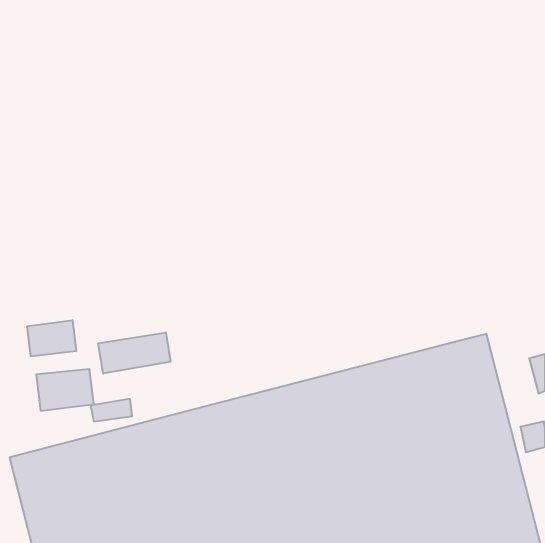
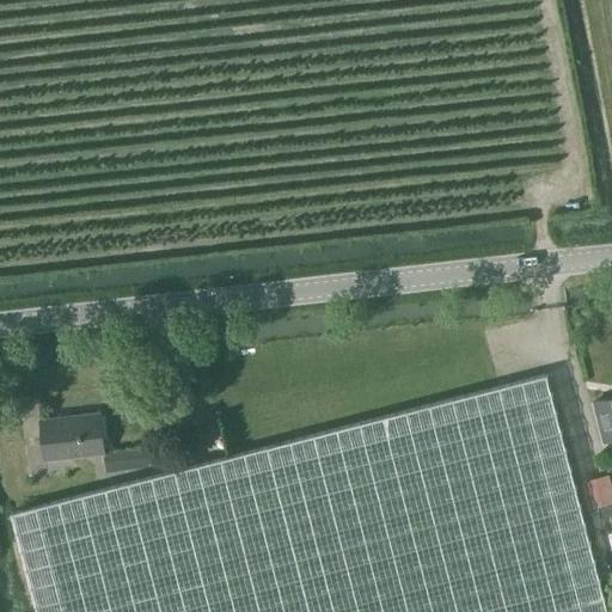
building: [27,320,76,356] -> none
building: [98,332,171,374] -> none

